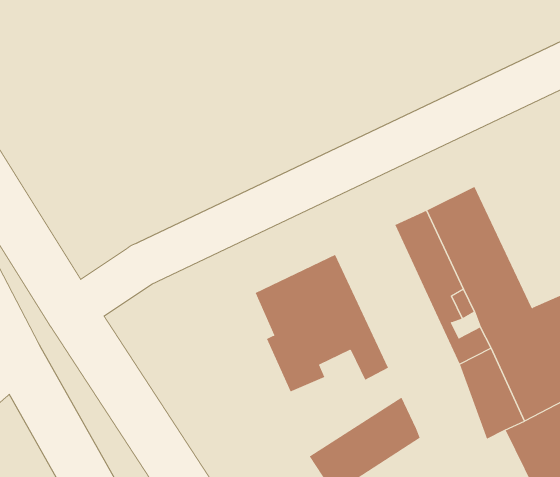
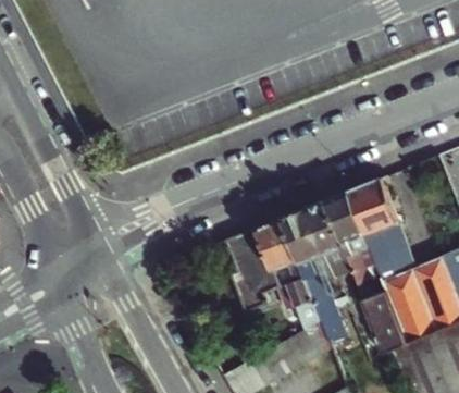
building: none -> [281,200,347,343]

